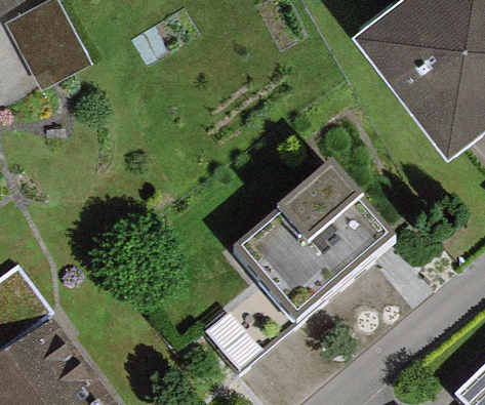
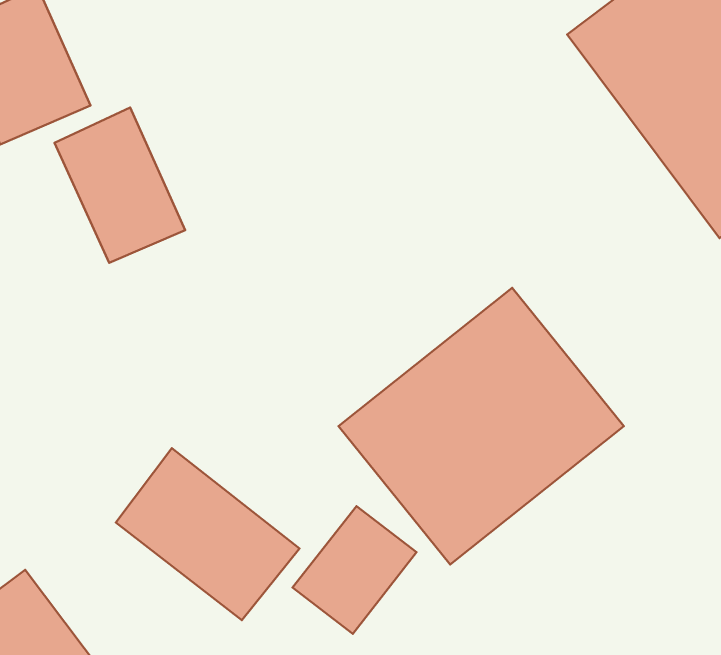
building: none -> [55,107,185,263]
building: none -> [116,448,300,620]

